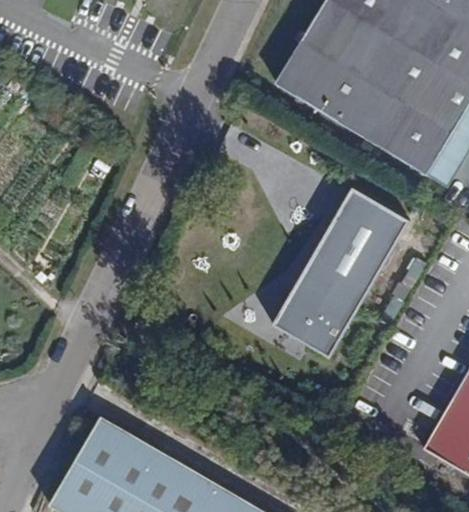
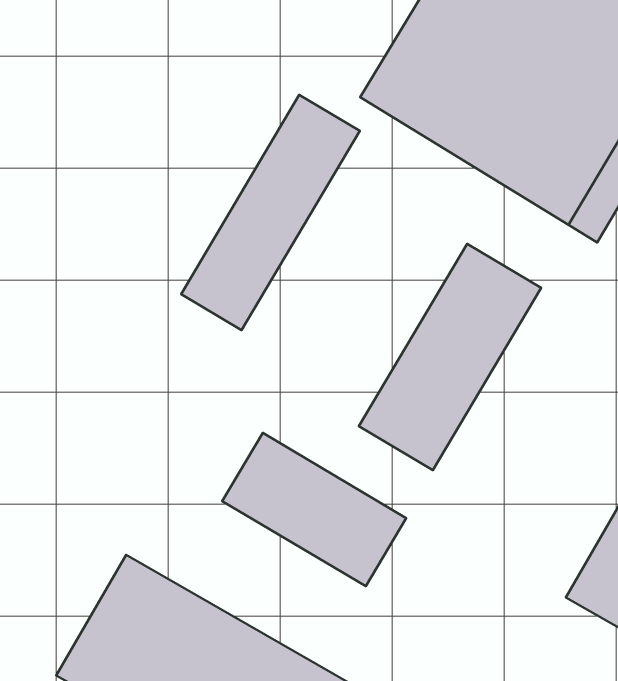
building: none -> [181,95,360,330]
building: none -> [222,433,406,586]

